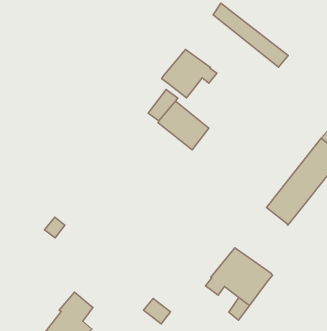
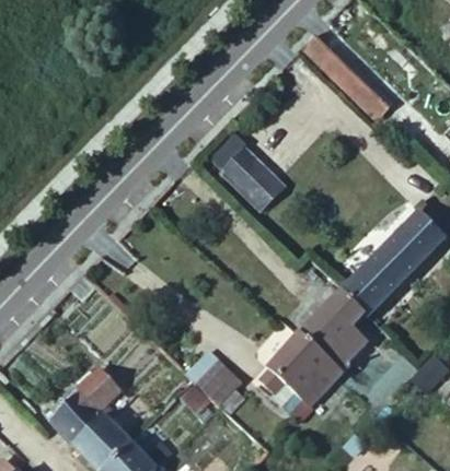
building: [162,49,217,98] -> none
building: none -> [299,289,366,368]
building: none -> [195,360,244,413]

